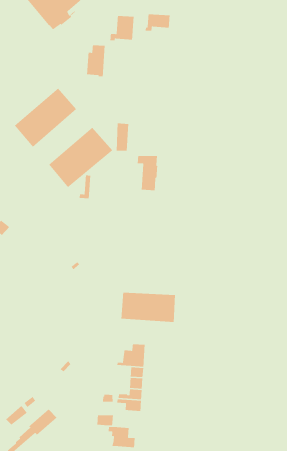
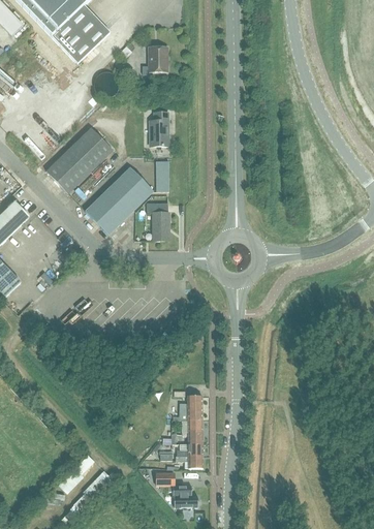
building: [145,13,171,32] -> none
building: [86,44,106,77] -> [150,112,168,146]
building: [137,155,158,191] -> [147,201,169,240]
building: [121,292,176,323] -> none

